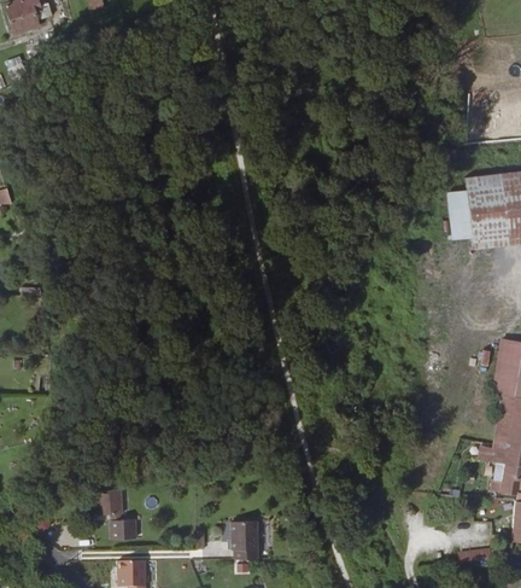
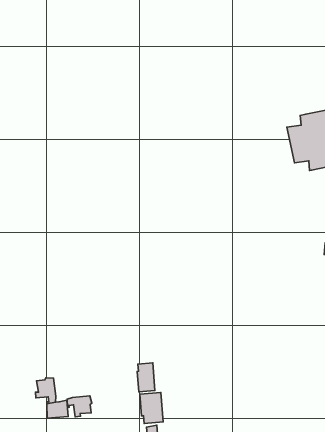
building: none -> [137,363,155,392]
building: none -> [67,396,92,417]

